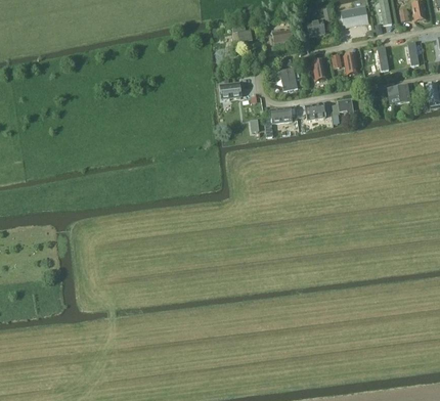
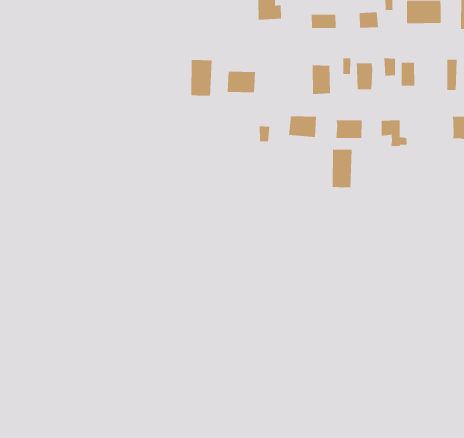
building: none -> [191,59,212,97]
building: none -> [332,149,352,188]

